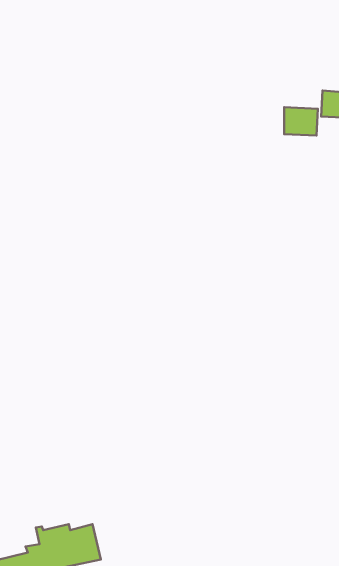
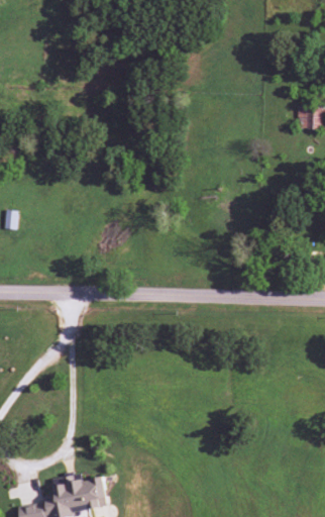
building: [284,107,318,136] -> none

